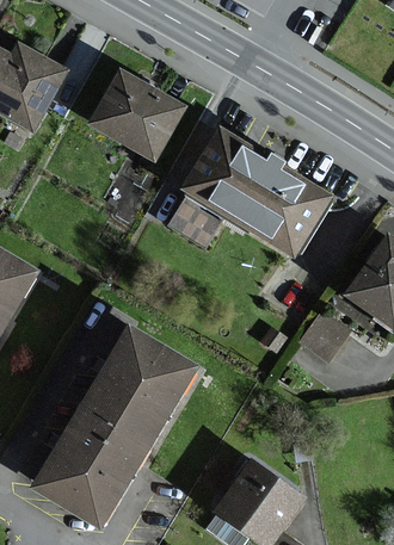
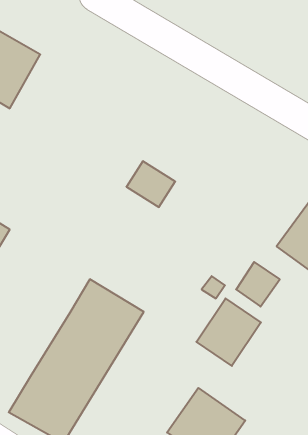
building: [92,68,185,156] -> none
building: [184,123,338,256] -> none
building: none -> [196,298,261,366]

